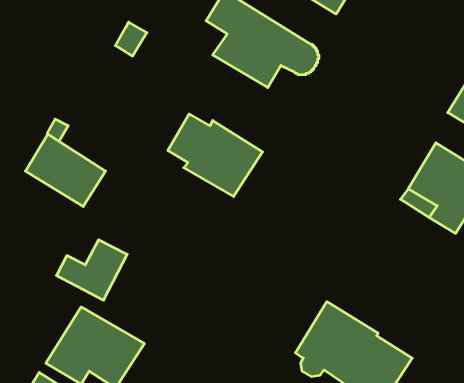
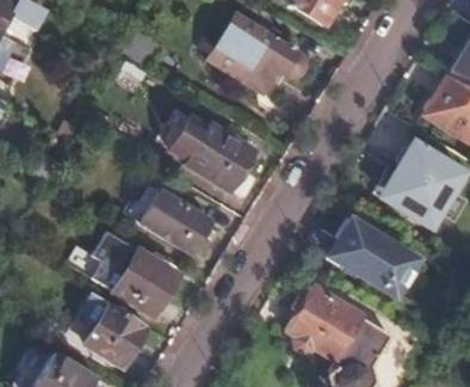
building: [25,134,106,207] -> [140,188,212,253]
building: none -> [333,222,421,297]
building: none -> [111,247,179,317]

